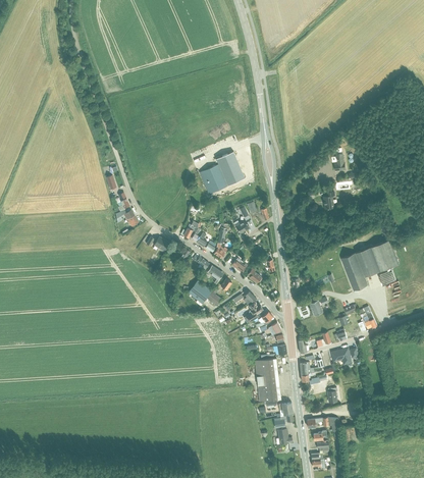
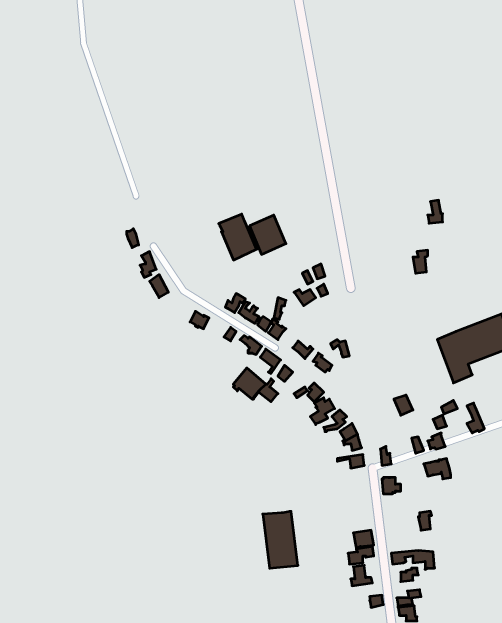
building: [215,151,244,185] -> [219,214,257,260]
building: [254,358,280,401] -> [263,511,298,568]

